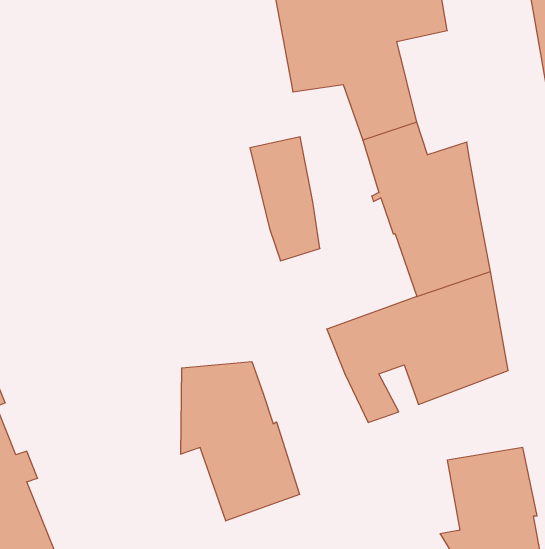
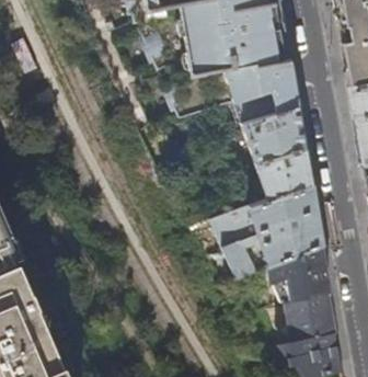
building: [250,137,320,261] -> [257,36,300,112]
building: [181,362,299,521] -> none
building: none -> [268,243,334,300]

